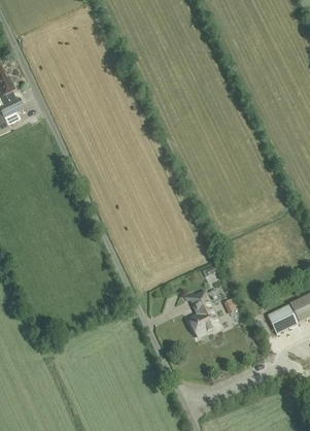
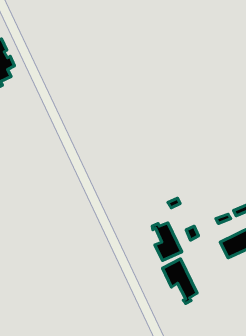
building: none -> [163,259,197,304]

